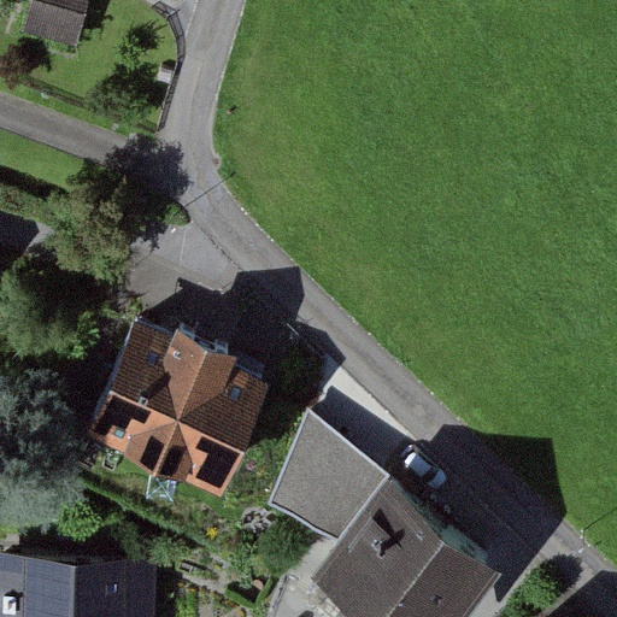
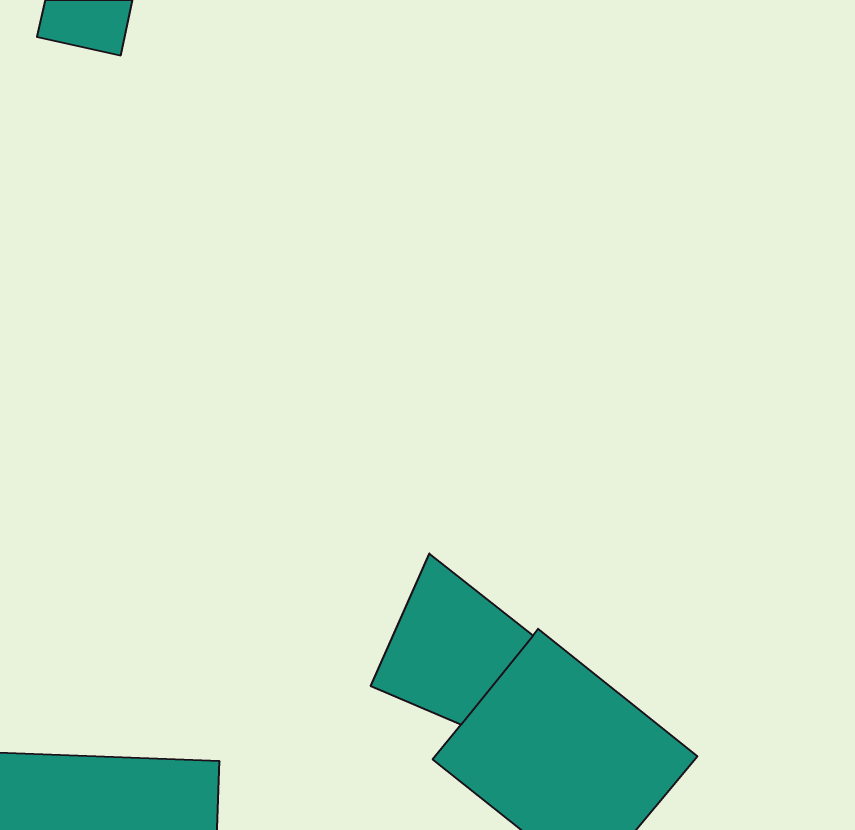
building: [83,318,269,488] -> none

